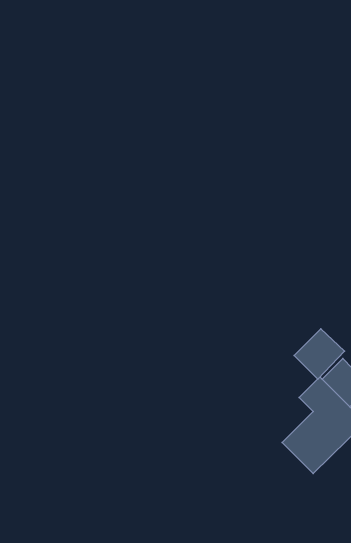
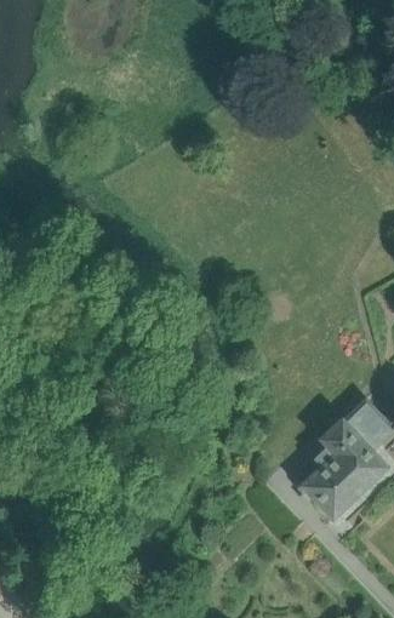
building: [294,329,344,379] -> none

